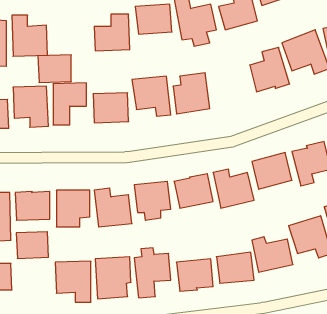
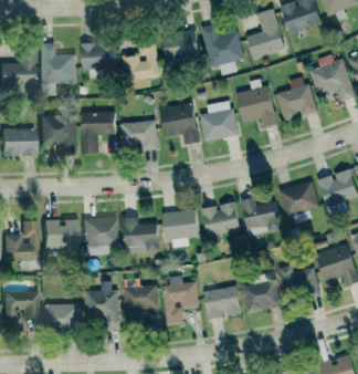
building: none -> [236,81,278,127]
building: [38,55,71,83] -> [82,42,115,70]
building: [16,232,48,258] -> [45,303,77,330]

